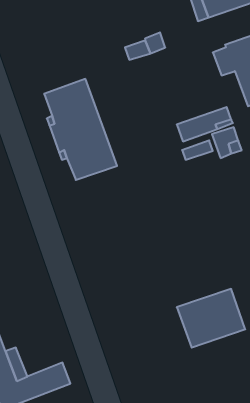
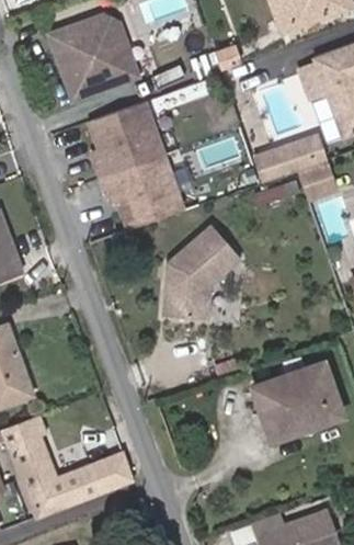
building: none -> [49,16,137,100]
building: none -> [163,226,240,320]

